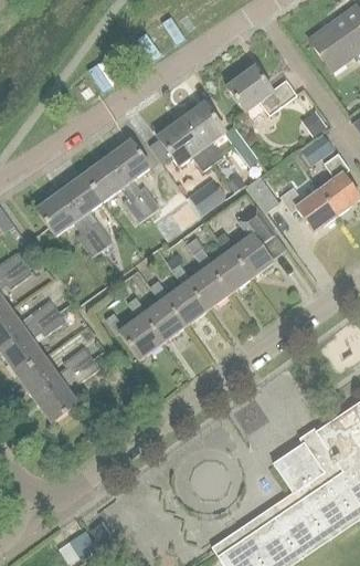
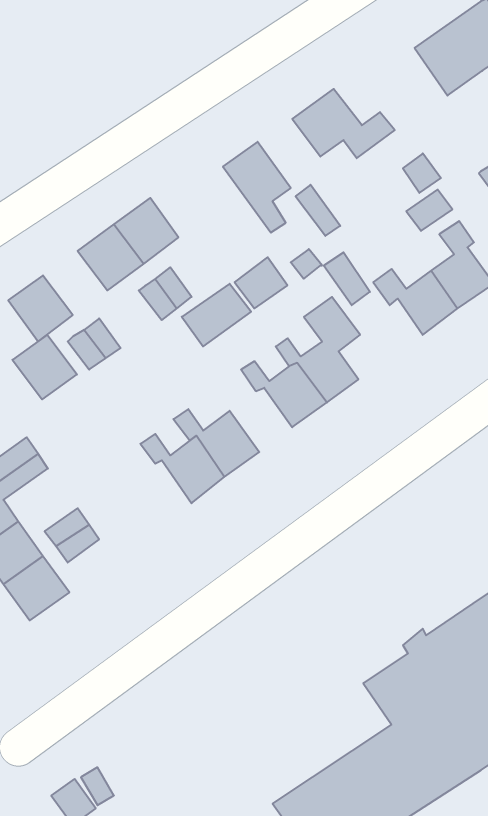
building: [158,118,213,169] -> none
building: [61,175,104,218] -> [12,335,77,399]
building: [167,253,227,310] -> none
building: [104,314,160,359] -> none

